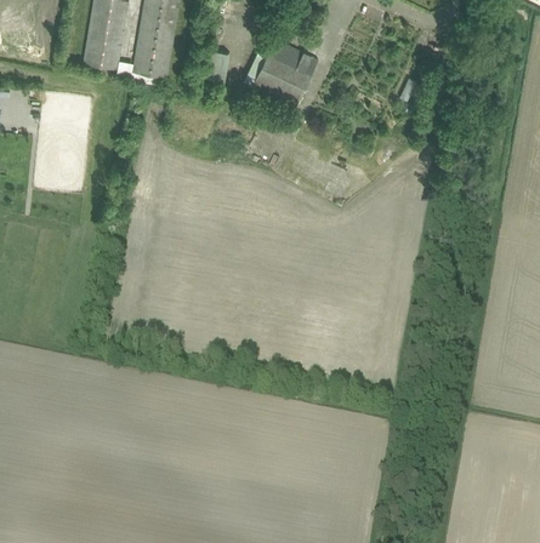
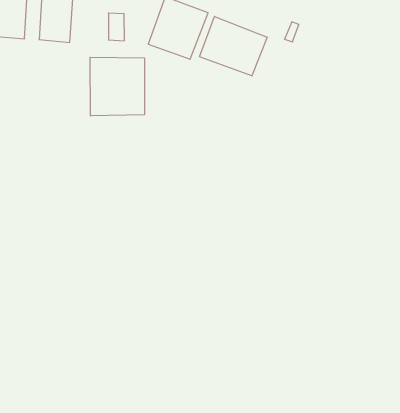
building: none -> [199,16,267,76]
building: none -> [90,57,144,116]

